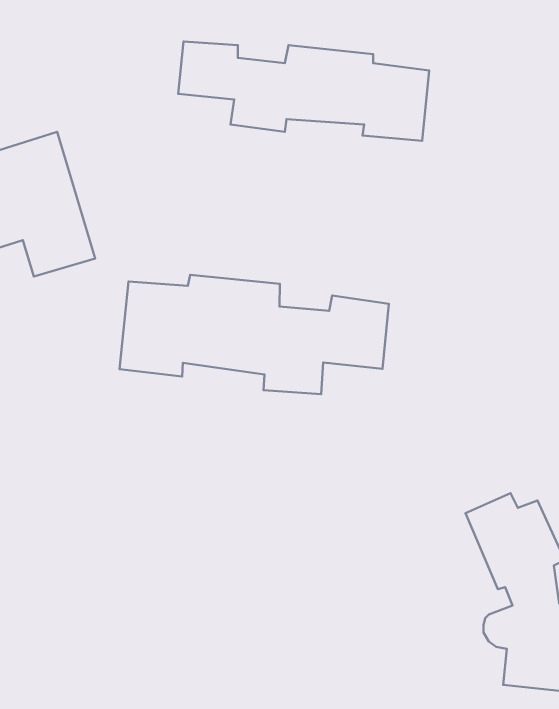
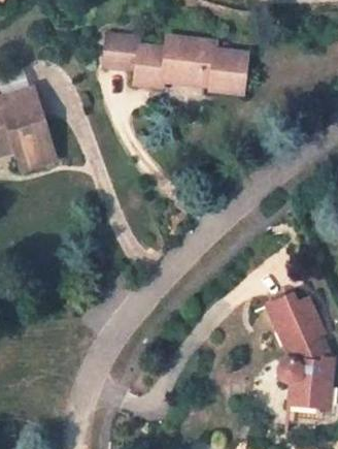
building: [119,275,389,394] -> none

